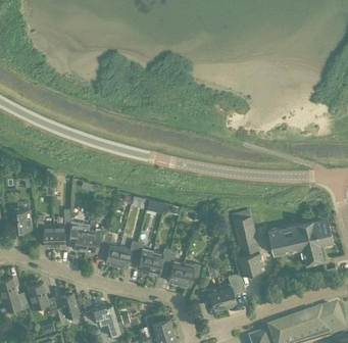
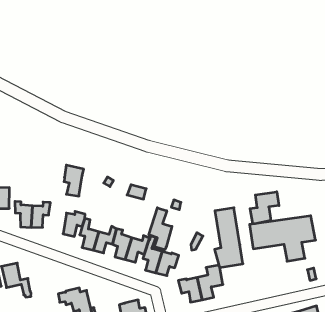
building: none -> [250,192,279,224]
building: none -> [149,208,172,250]
building: [70,218,89,248] -> [64,165,84,196]
building: [57,288,79,322] -> none

